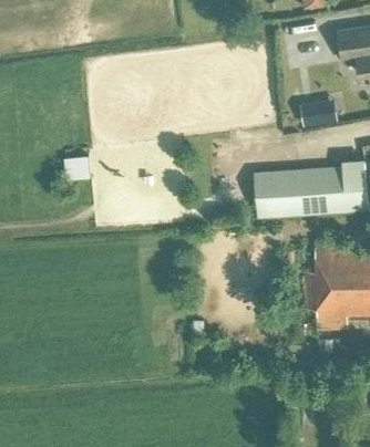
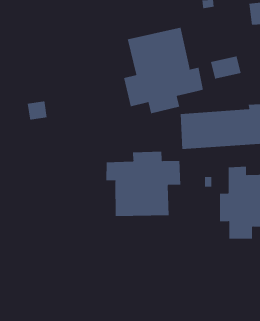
building: none -> [123,27,204,114]
building: none -> [106,151,181,217]

